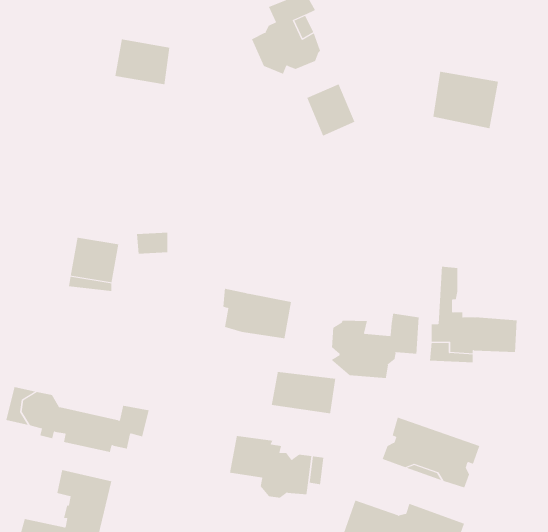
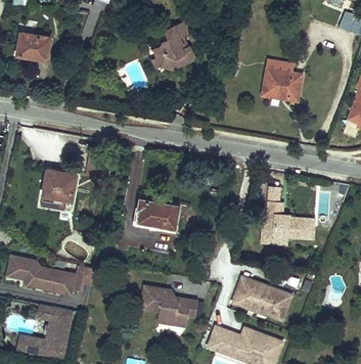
building: [114,39,170,85] -> [18,33,52,60]
building: [307,83,355,136] -> none
building: [330,313,419,379] -> none
building: [271,371,336,414] -> none

